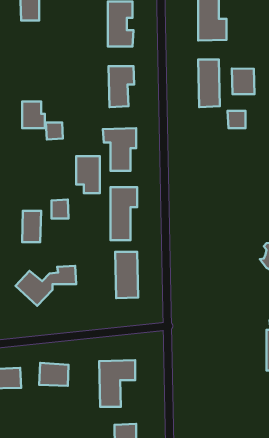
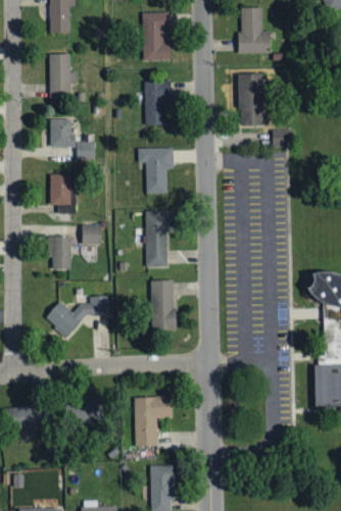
building: none -> [50,54,78,99]
building: [232,69,254,94] -> none
building: [76,156,100,193] -> [50,174,76,214]

